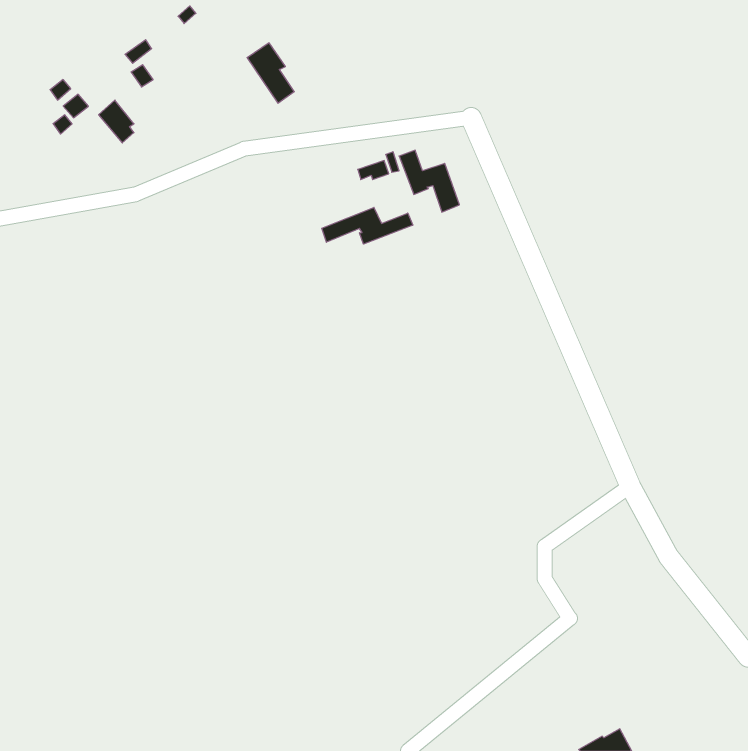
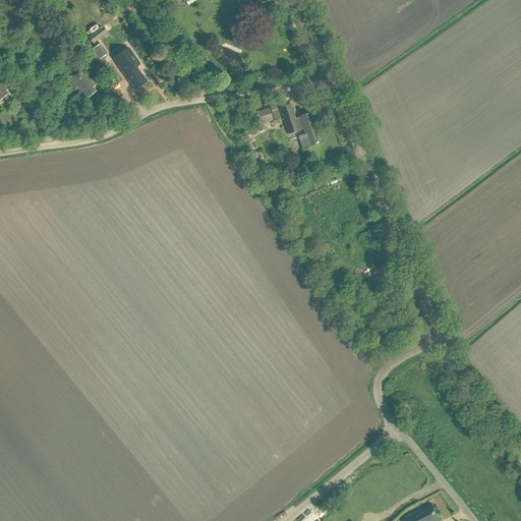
building: [247,43,294,103] -> [112,49,144,91]
building: [322,207,413,244] -> none

